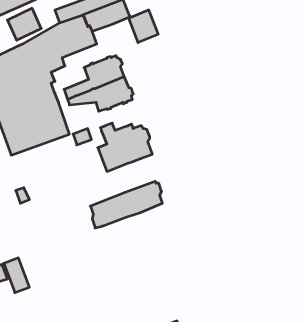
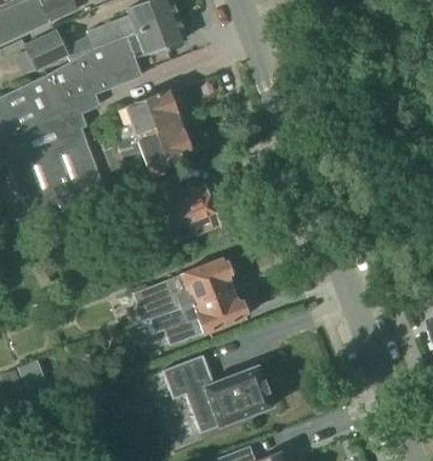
building: [129,10,158,43] -> none
building: none -> [150,288,245,343]
building: none -> [163,354,273,432]

